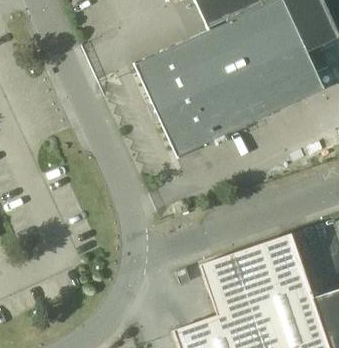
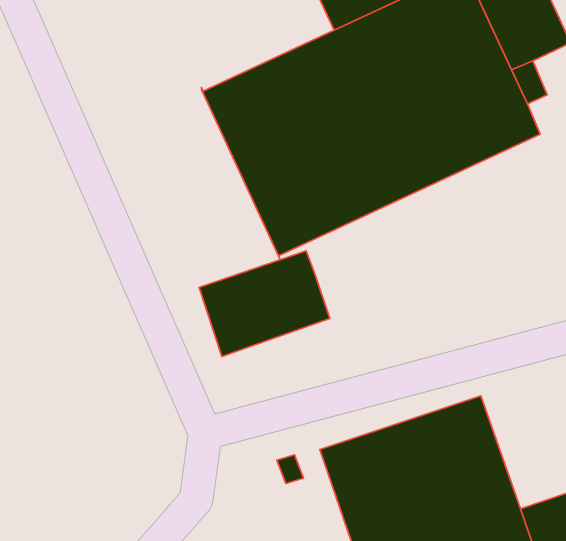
building: none -> [199,251,330,357]

